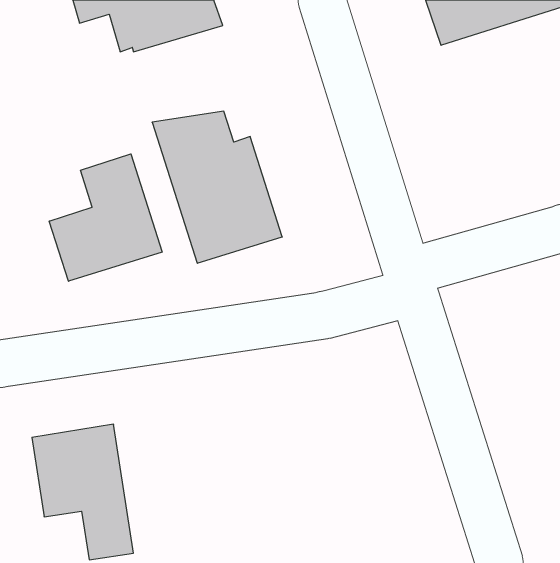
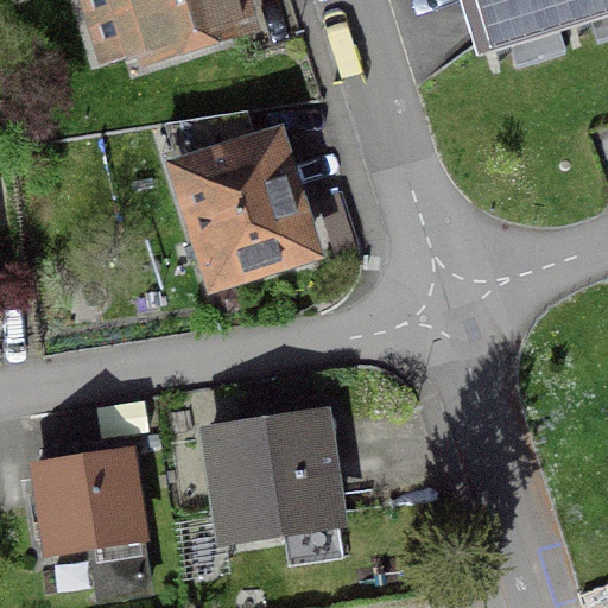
building: [49,154,162,281] -> none
building: none -> [209,423,336,540]

